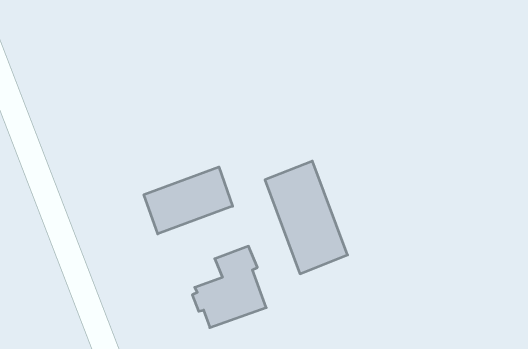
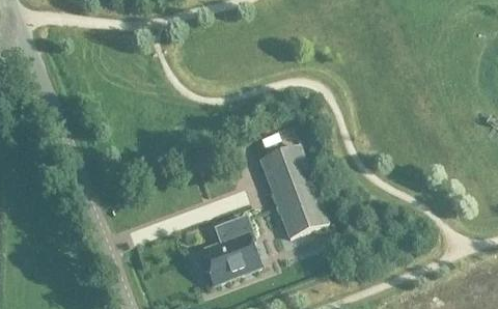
building: [144,167,233,234] -> none

